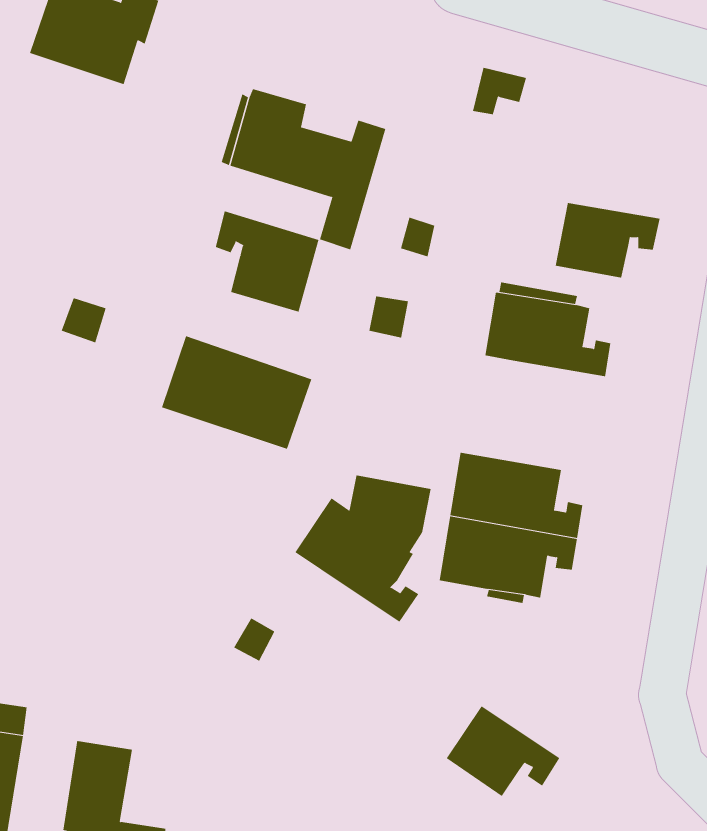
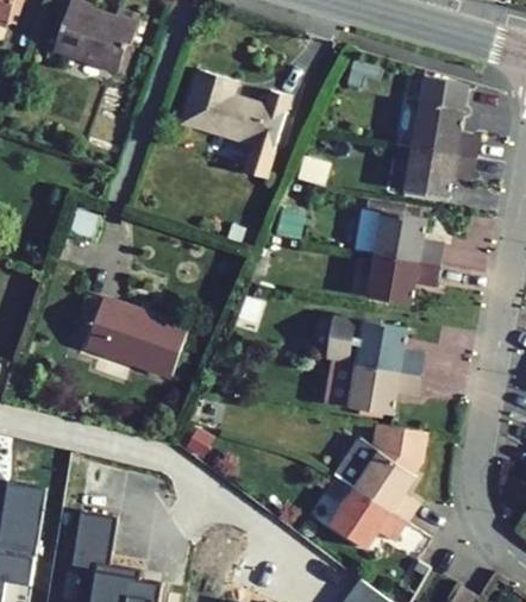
building: none -> [409,77,476,159]
building: [215,210,319,312] -> none
building: [161,335,312,450] -> [84,300,187,377]
building: none -> [364,256,436,306]
building: [294,475,432,622] -> [333,425,426,525]

